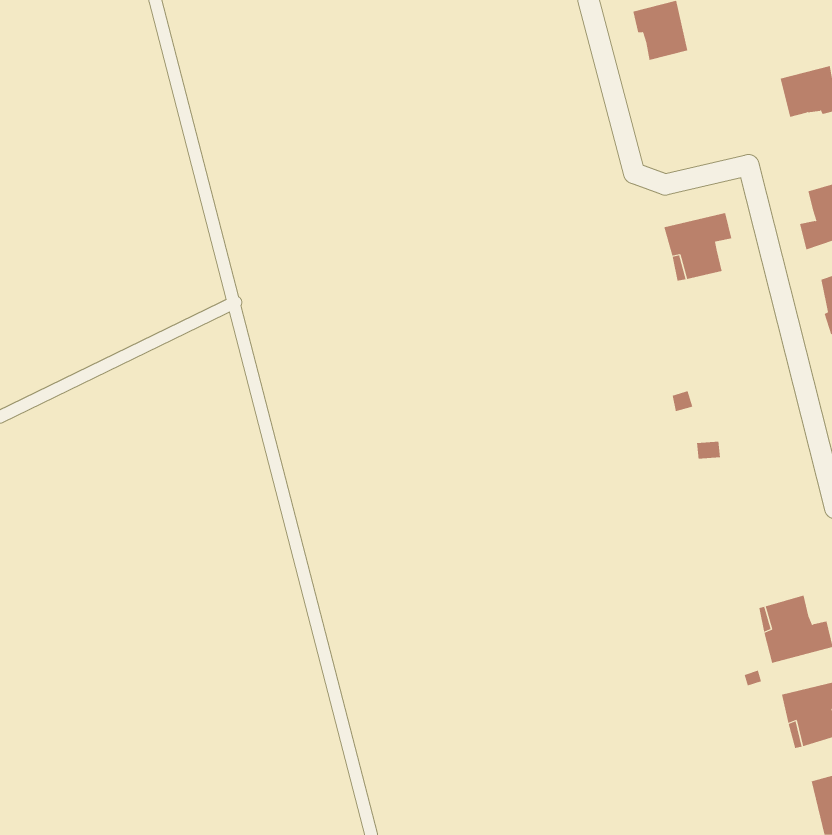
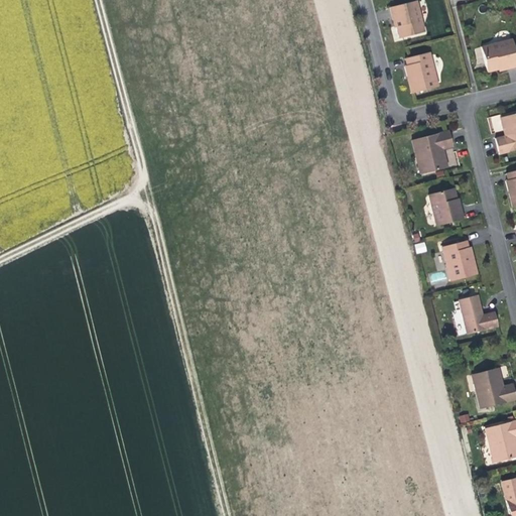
building: none -> [408,53,440,94]
building: none -> [429,186,464,226]
building: none -> [443,241,477,281]
building: none -> [459,295,499,335]

